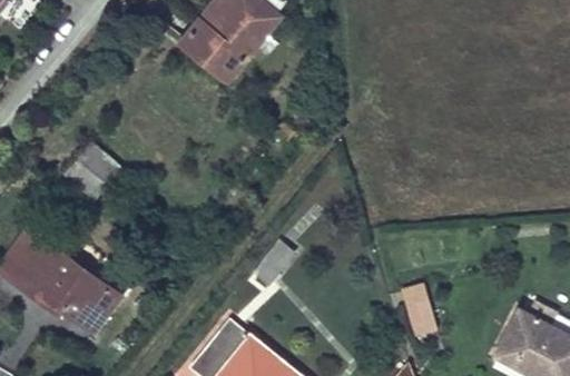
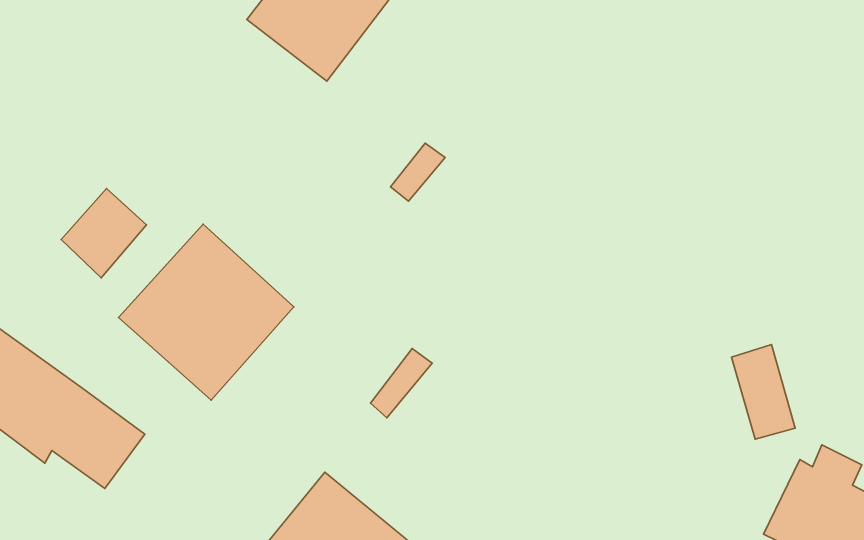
building: none -> [118,224,294,400]
building: [400,279,439,337] -> [732,345,795,439]

